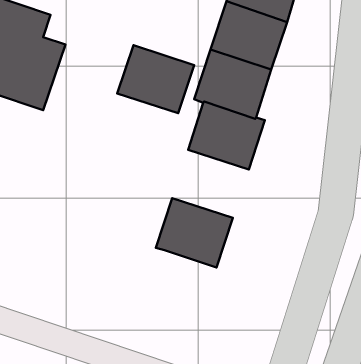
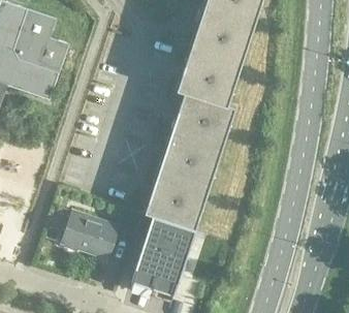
building: [117,45,194,113] -> [157,132,221,189]
building: none -> [60,207,141,259]
building: none -> [130,216,194,295]

